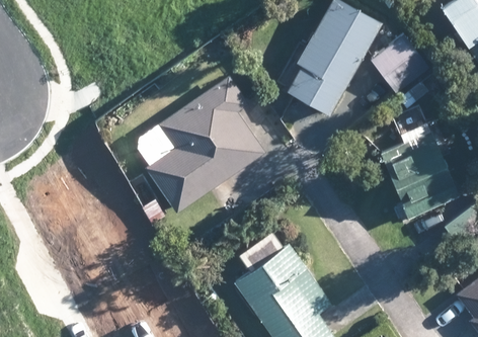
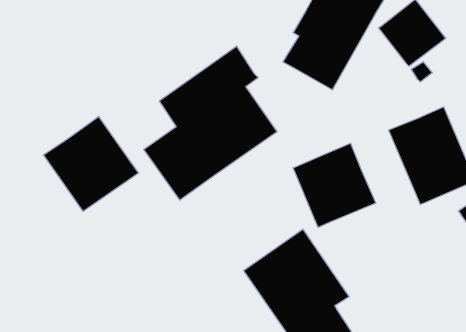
building: none -> [44,116,138,211]
building: none -> [293,143,376,227]

